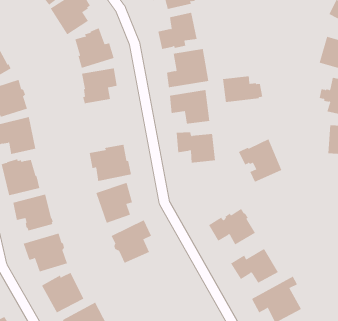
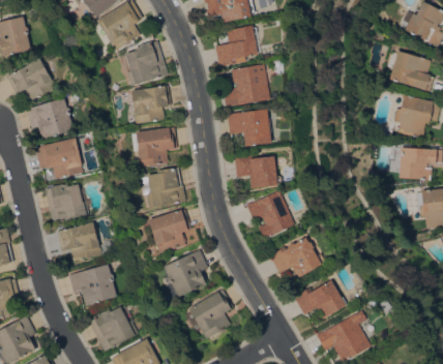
building: [222,75,263,103] -> none
building: none -> [130,127,177,166]
building: [238,139,282,182] -> [246,190,294,238]
building: none -> [188,291,231,338]

